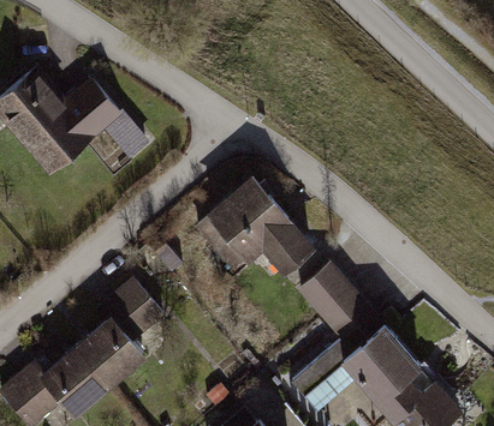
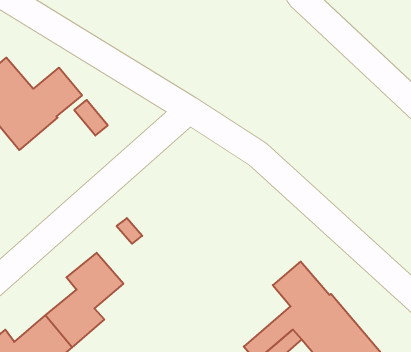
building: [198,180,311,270] -> none
building: [302,265,353,317] -> none

